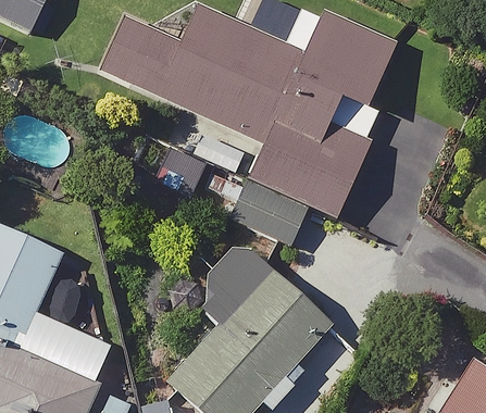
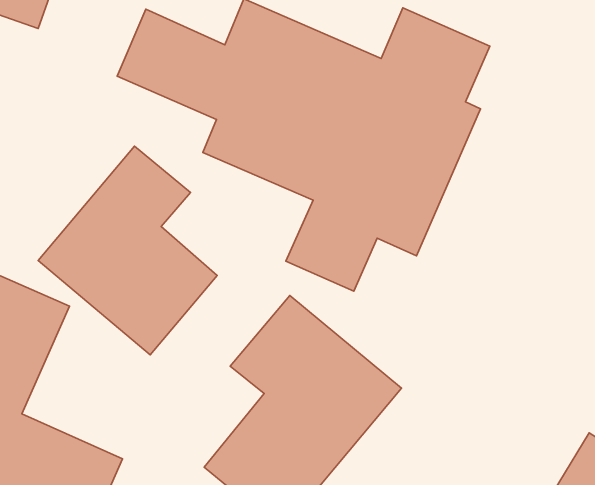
building: none -> [38,146,217,355]

